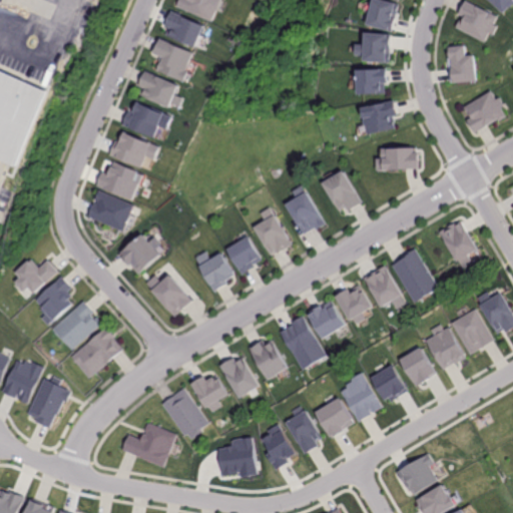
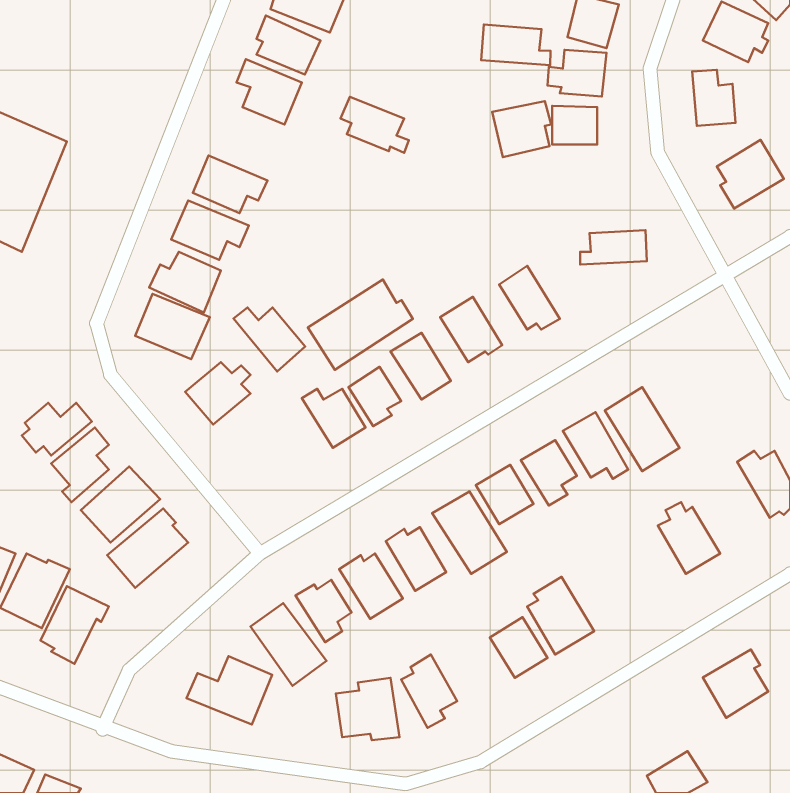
building: none -> [481,25,550,65]
building: [138,70,182,106] -> [341,97,409,153]
building: [358,99,396,135] -> [492,101,551,157]
building: none -> [308,279,413,370]
building: [438,219,476,270] -> none
building: [145,275,191,316] -> [233,308,305,371]
building: [450,309,492,354] -> none
building: [400,347,436,386] -> none
building: [371,364,408,403] -> none
building: [286,406,323,453] -> none
building: [397,453,439,497] -> [703,650,768,718]

